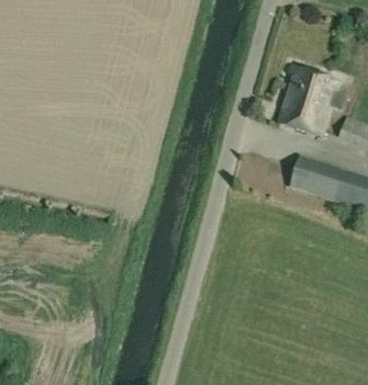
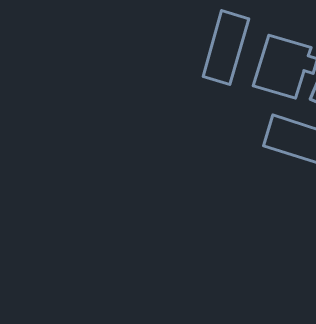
building: none -> [203,11,249,84]

